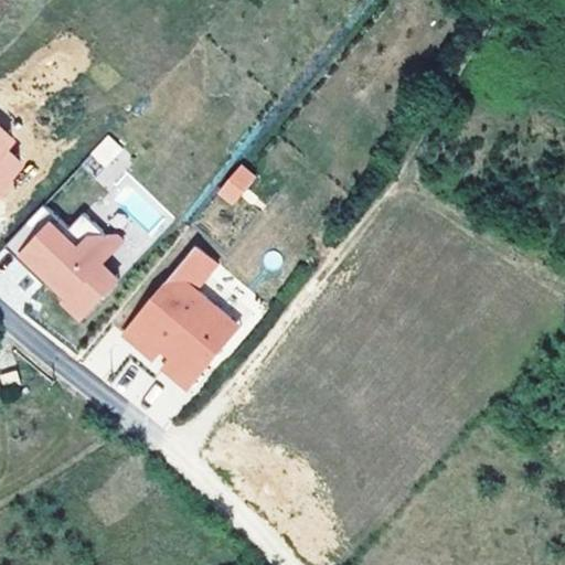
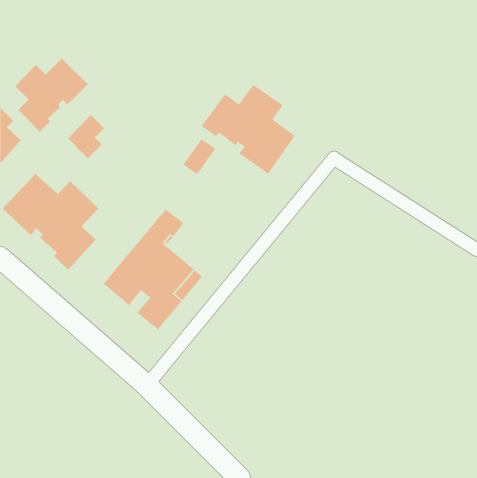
building: none -> [14,58,89,133]
building: none -> [201,84,296,174]

